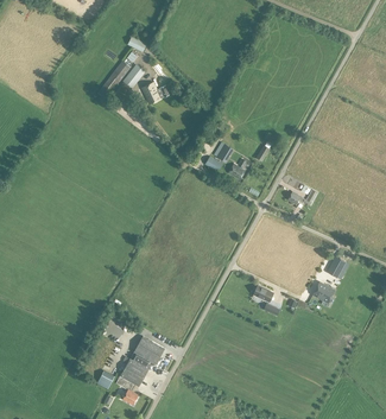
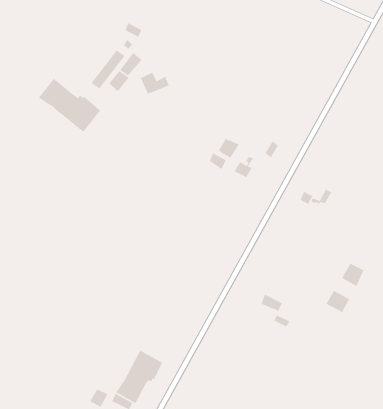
building: none -> [38,78,101,133]

